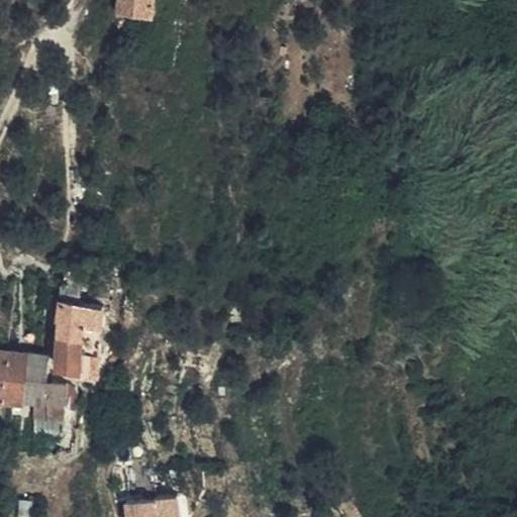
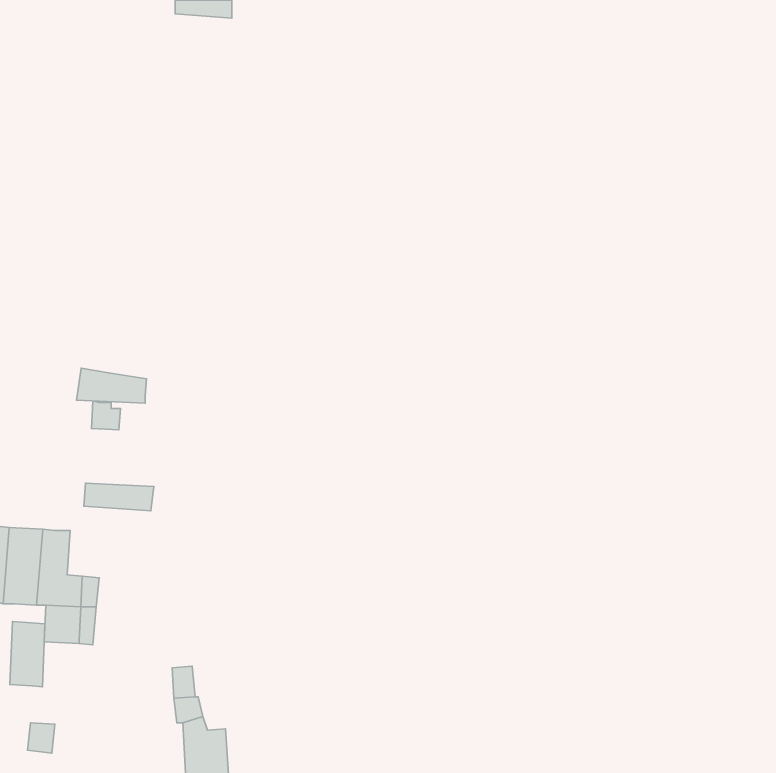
building: [57,303,103,326] -> [76,368,147,403]
building: [55,339,100,373] -> none
building: none -> [10,622,45,687]

